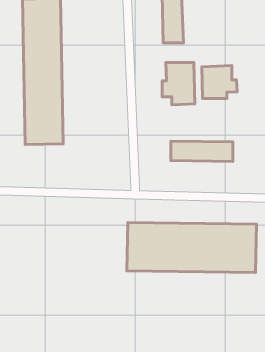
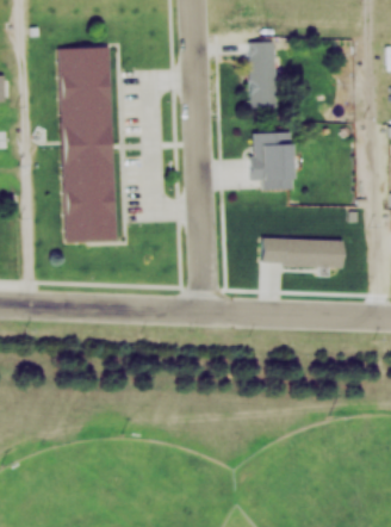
building: [202,66,237,99] -> none
building: [127,222,256,273] -> none

